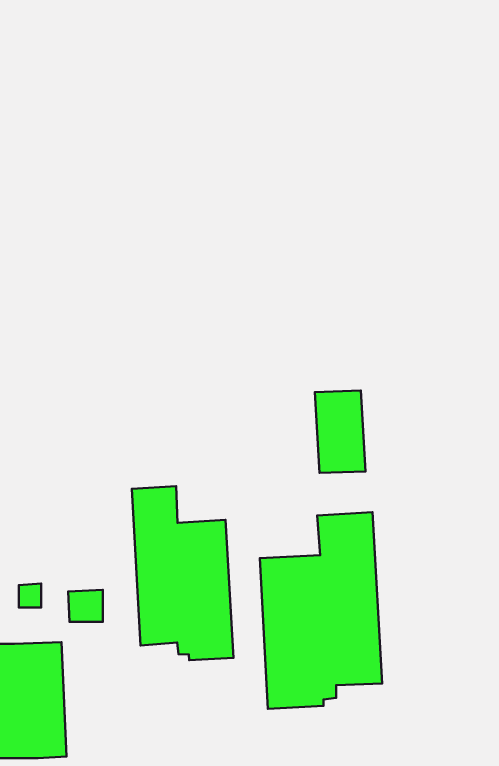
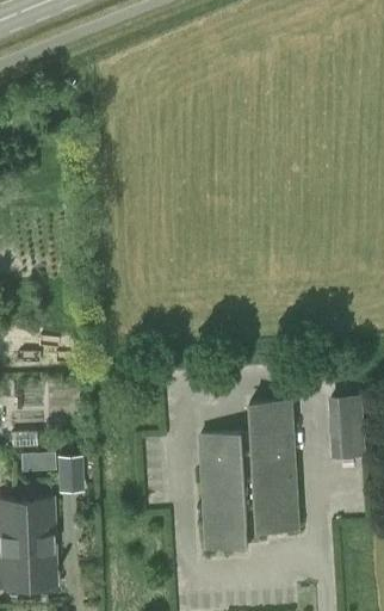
building: [315,391,366,473] -> [328,396,366,458]
building: [132,486,234,660] -> none

